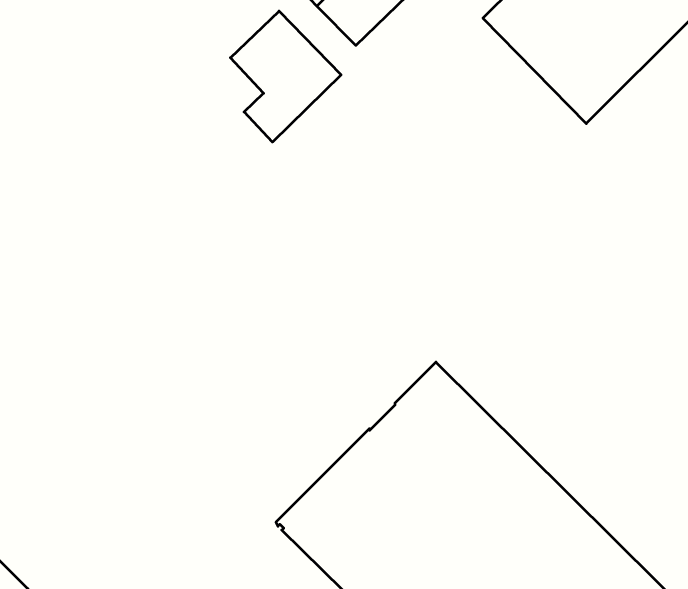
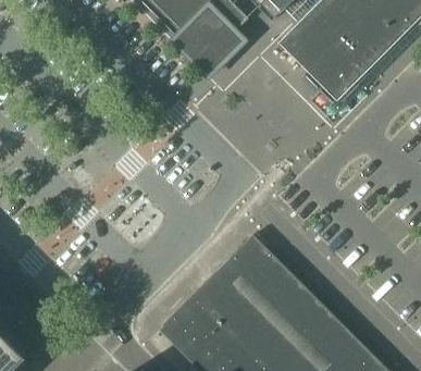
building: [230,11,341,142] -> none

